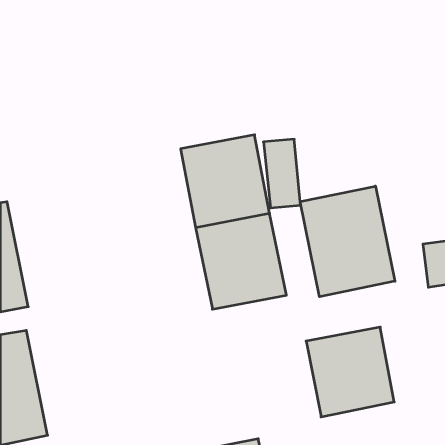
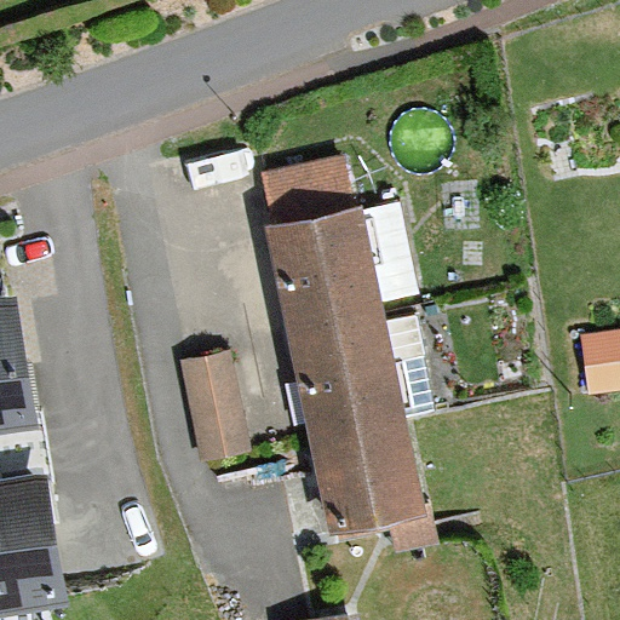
building: [300,186,395,297] -> none
building: none -> [182,350,251,460]
building: [306,327,394,417] -> [299,413,420,536]

